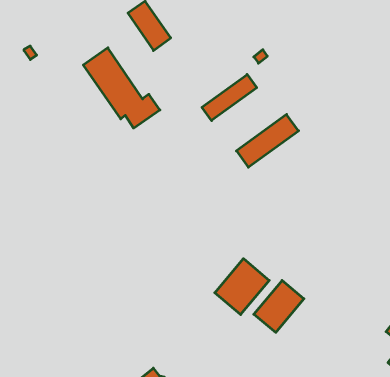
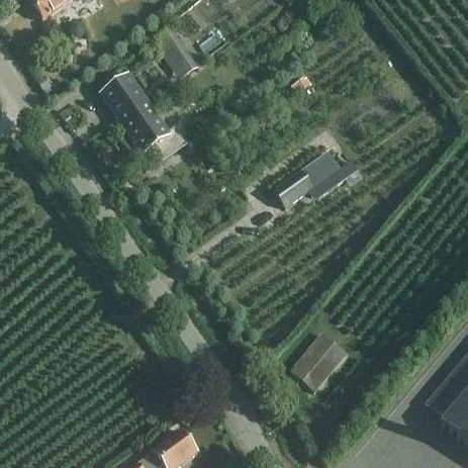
building: [202,74,257,121] -> none
building: [215,259,269,315] -> none

